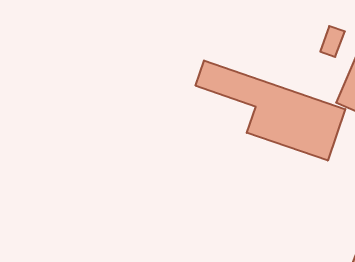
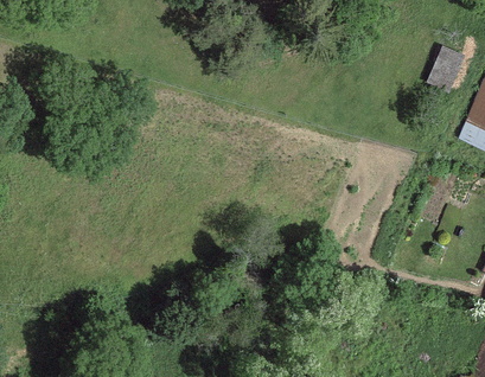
building: [196,60,345,161] -> none

